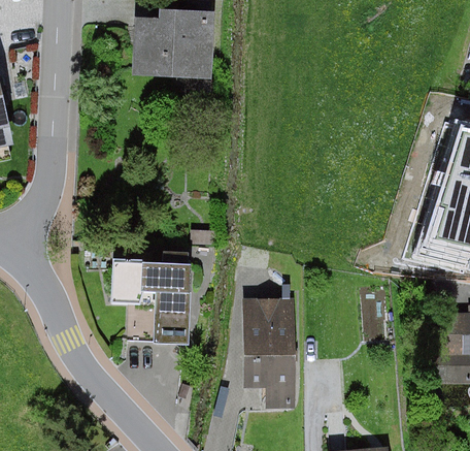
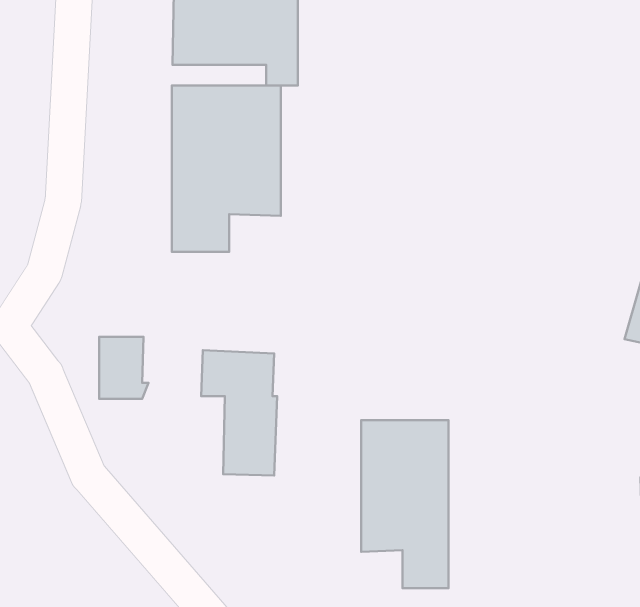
building: none -> [172,85,281,252]
building: [113,259,145,299] -> [99,337,148,399]

